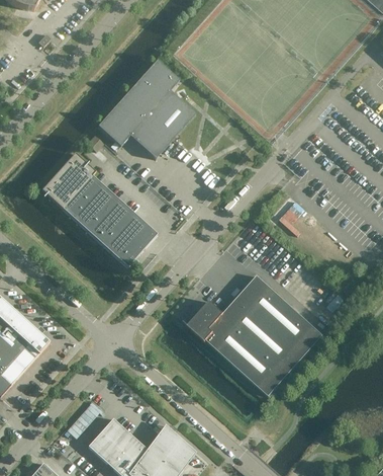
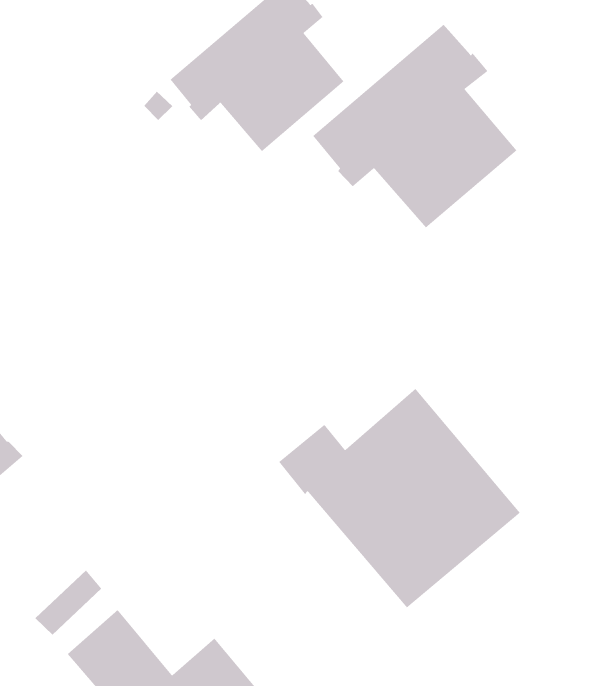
building: none -> [312,24,518,228]
building: [41,153,157,266] -> none

